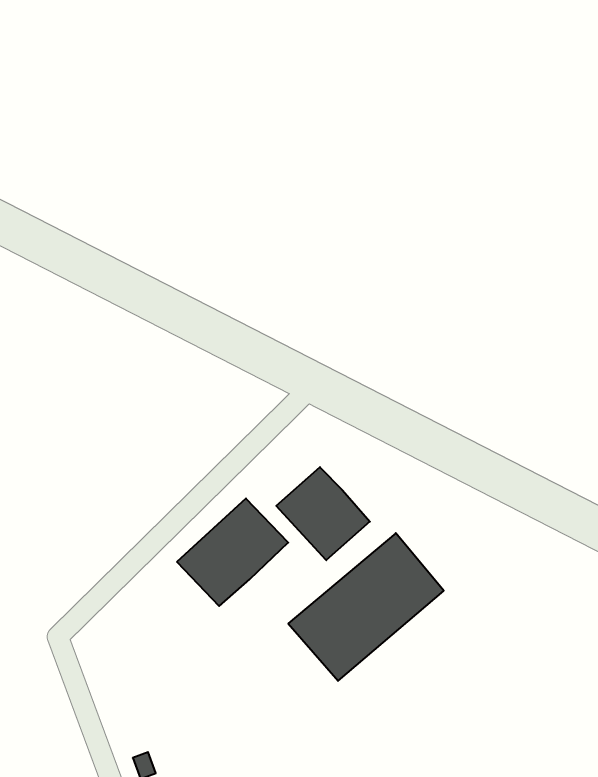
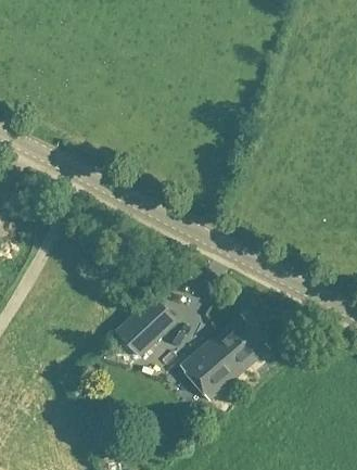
building: [276,467,370,560] -> none

